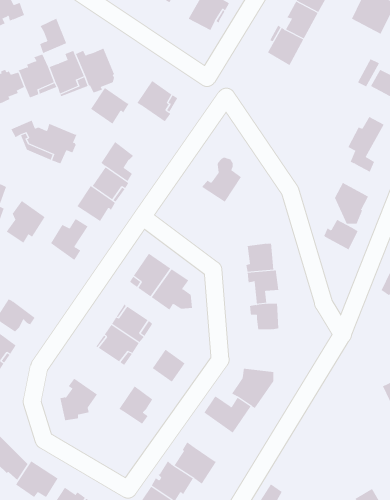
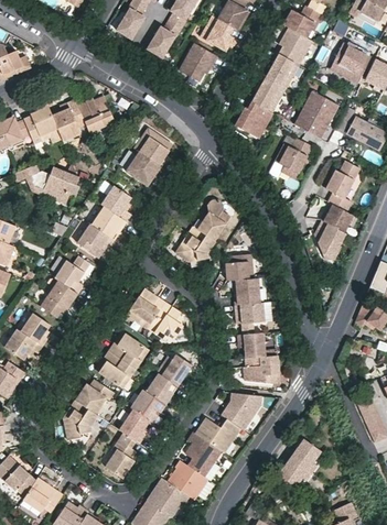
building: [39,18,67,54] -> none
building: none -> [295,91,340,139]
building: none -> [236,102,273,140]
building: [90,87,130,124] -> [125,152,161,186]
building: none -> [276,139,313,181]
building: none -> [174,226,215,261]
building: [6,200,46,243] -> [39,277,75,317]
building: none -> [224,253,252,280]
building: [324,219,358,250] -> [321,205,353,233]
building: none -> [19,311,50,344]
building: none -> [157,354,192,387]
building: none -> [250,354,279,384]
building: none -> [75,380,114,414]
building: none -> [131,391,165,424]
building: none -> [186,431,221,477]
building: none -> [103,433,135,479]
building: none -> [277,440,320,491]

